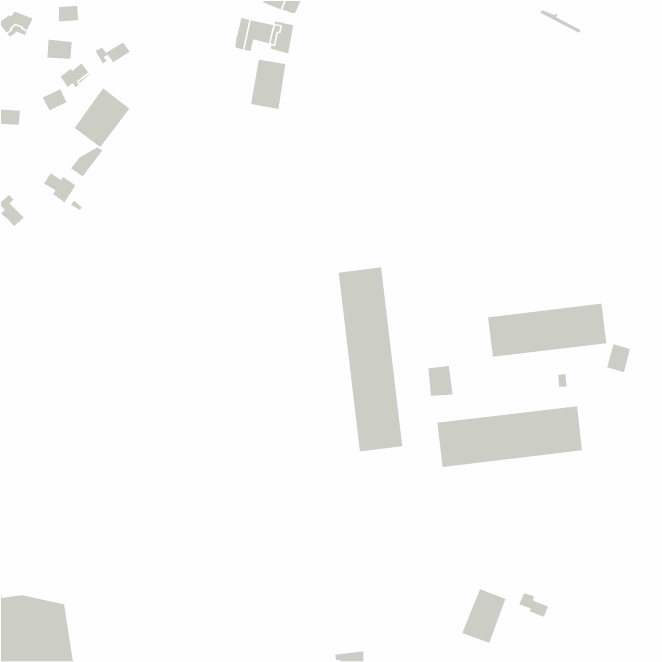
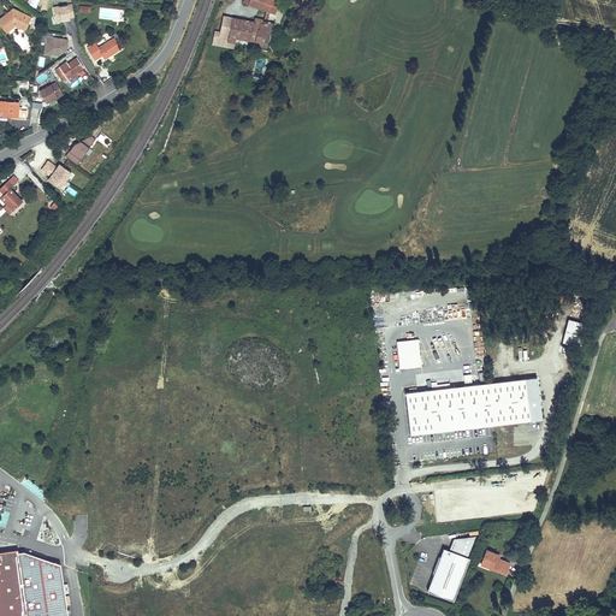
building: [250,59,286,110] -> none
building: [73,87,131,148] -> none
building: [338,267,403,452] -> none
building: [487,303,607,358] -> none

